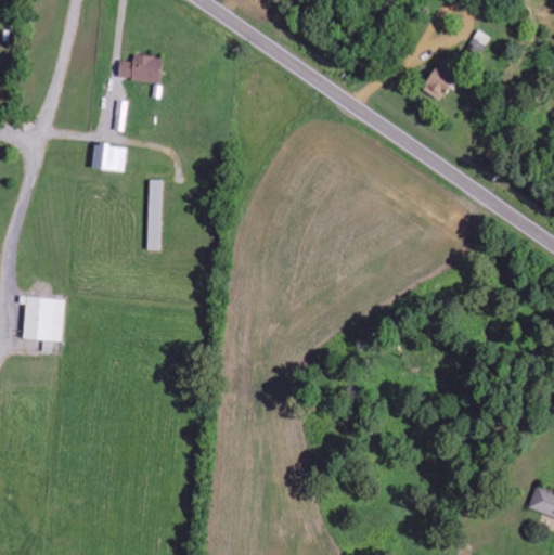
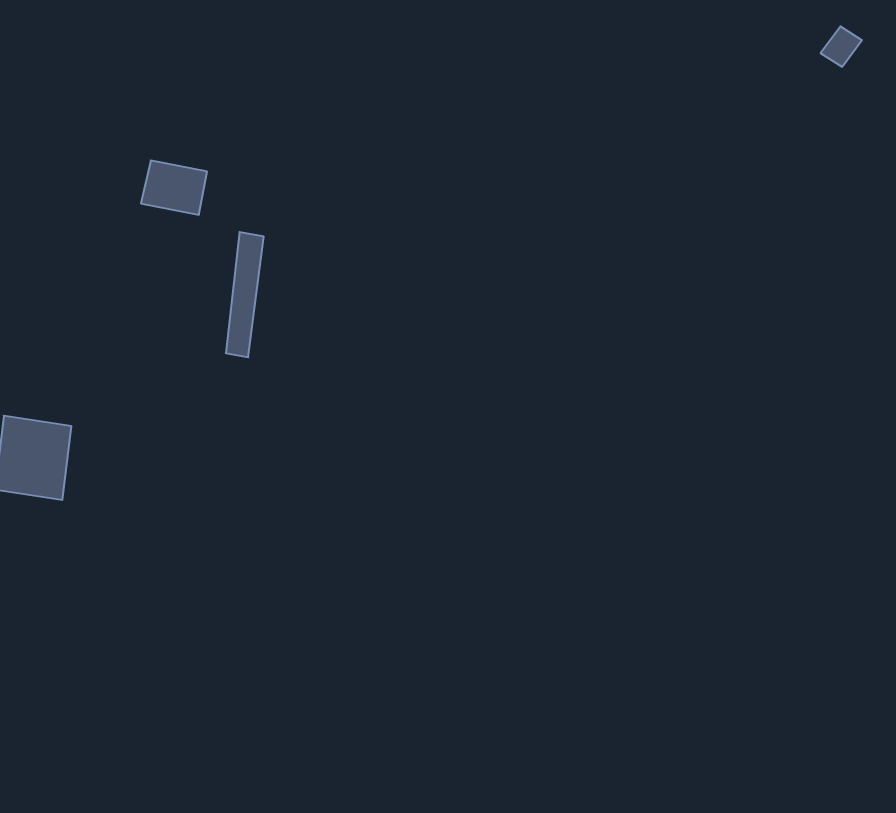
building: [118,54,163,82] -> none
building: [423,61,459,101] -> none

